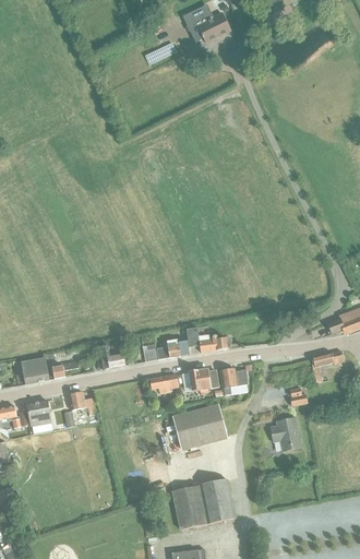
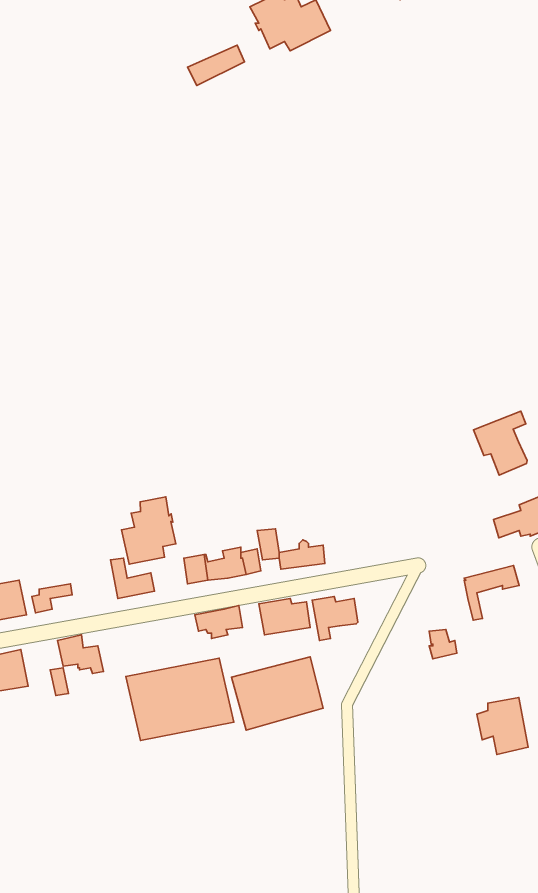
building: none -> [473,411,527,475]
building: none -> [122,497,176,564]
building: [271,417,301,451] -> [477,698,528,754]
building: [171,479,236,528] -> [126,658,234,741]

